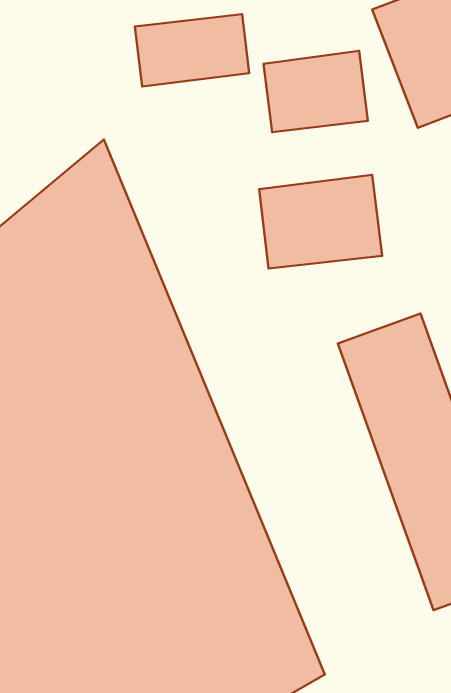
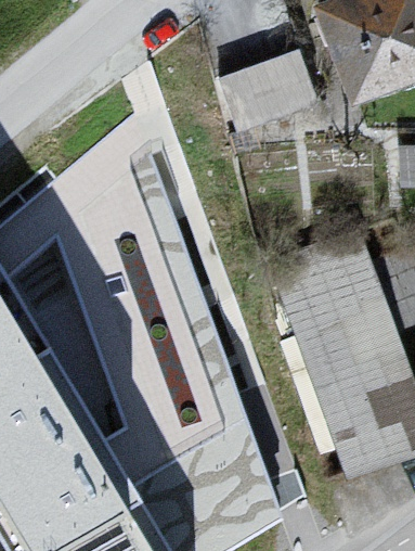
building: [135,14,249,86] -> none
building: [259,175,382,268] -> none

